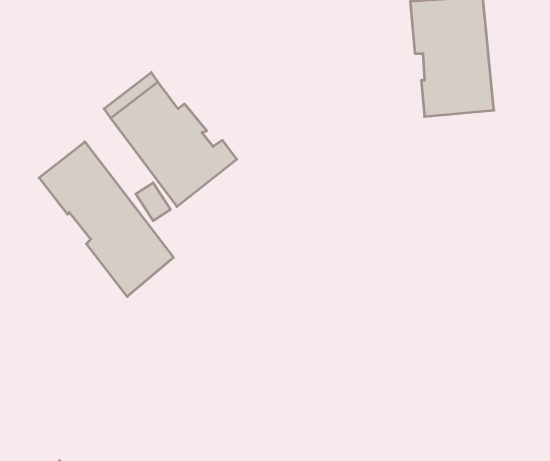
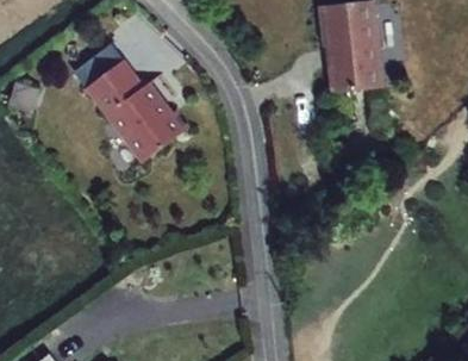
building: [39,142,173,297] -> none

